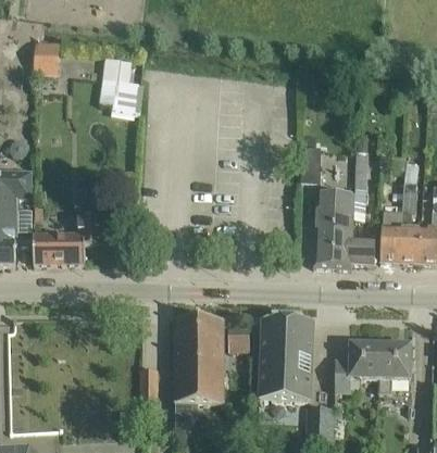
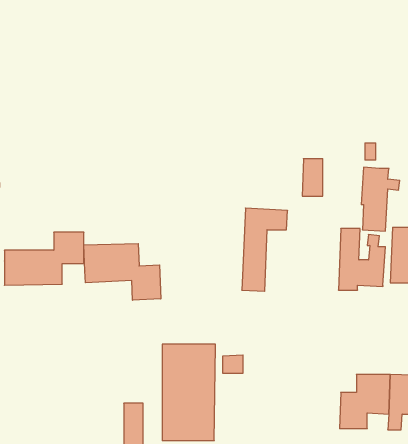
building: [35,42,60,72] -> none
building: [104,55,142,110] -> none
building: [313,191,354,266] -> [242,208,288,291]
building: none -> [84,244,161,300]
building: [259,317,313,397] -> none

